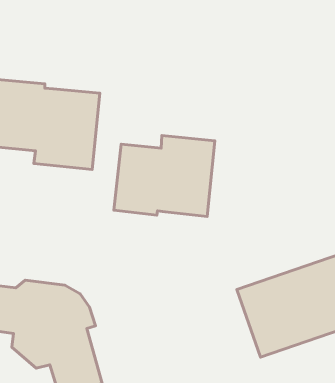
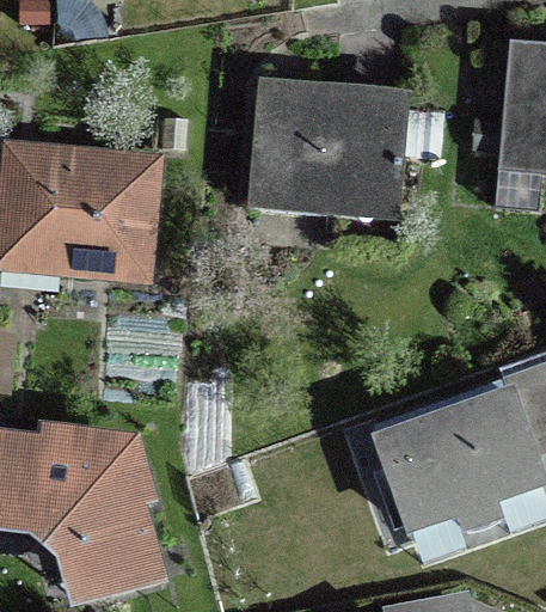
building: none -> [252,86,412,202]
building: [114,136,215,216] -> none

